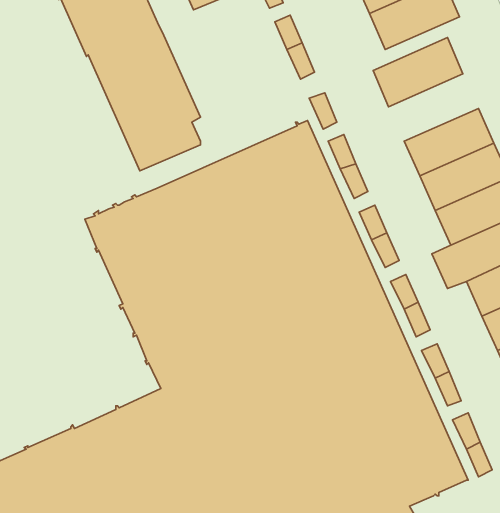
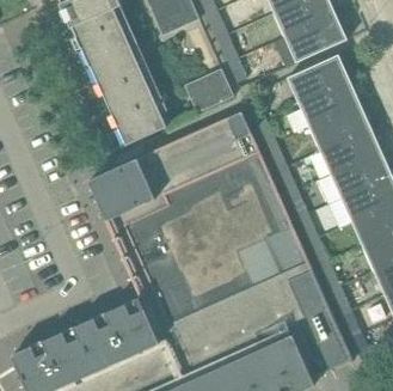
building: none -> [184,68,235,114]
building: none -> [297,79,360,126]

